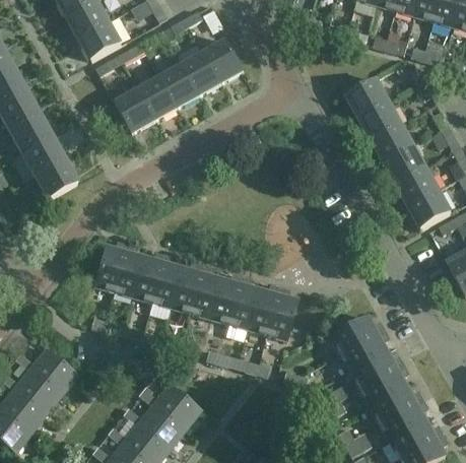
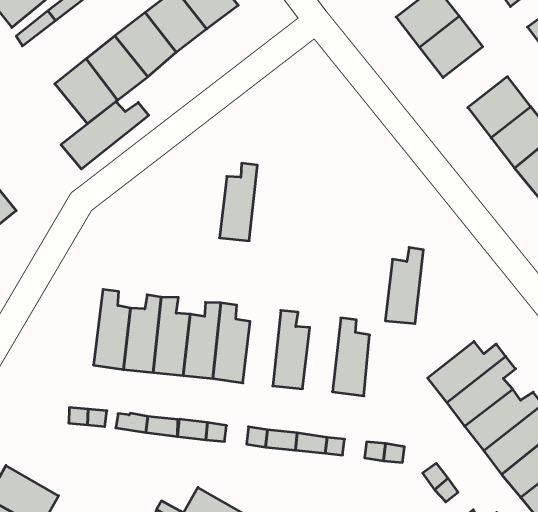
building: none -> [61,102,149,169]
building: [373,124,415,162] -> none
building: [92,242,127,292] -> none
building: [209,273,242,325] -> [219,163,257,241]
building: [248,284,280,335] -> [385,247,423,324]

